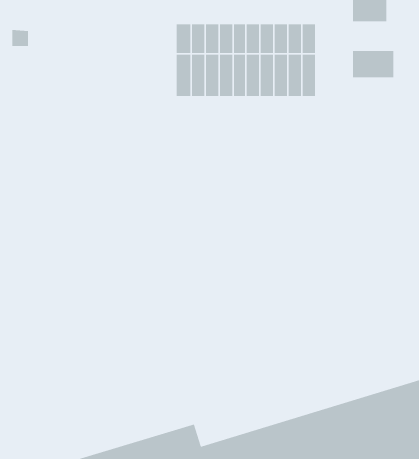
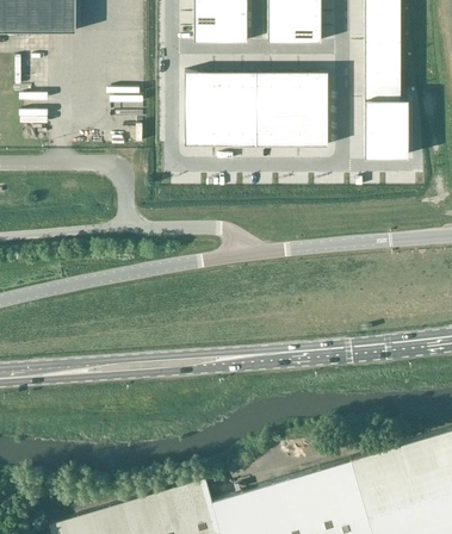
building: none -> [364,69,400,98]
building: none -> [364,126,407,156]

